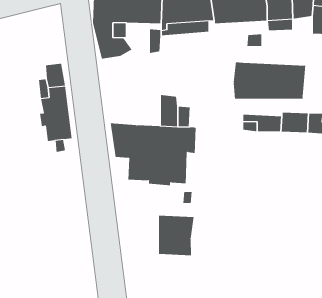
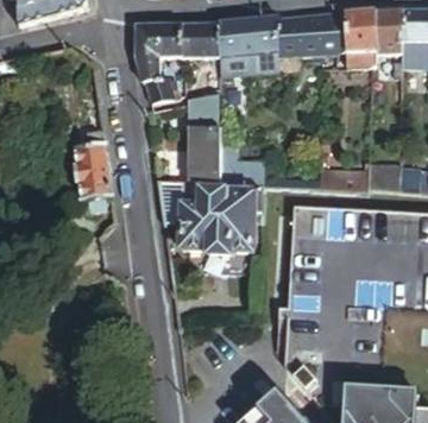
building: [233,62,306,99] -> none
building: none -> [189,116,218,181]
building: [158,215,194,256] -> none

